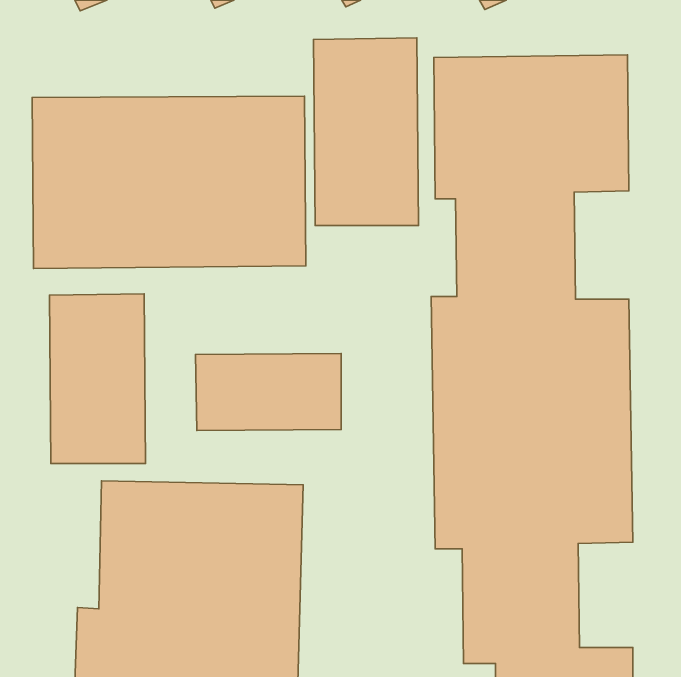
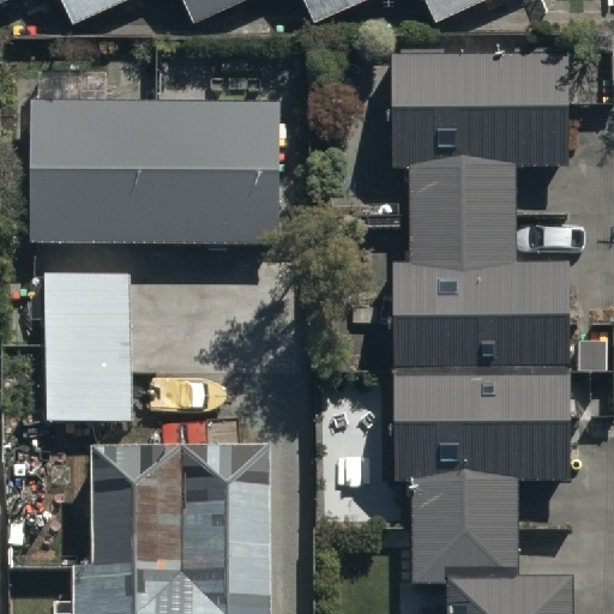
building: [314,38,418,225] -> none
building: [196,353,341,431] -> none

